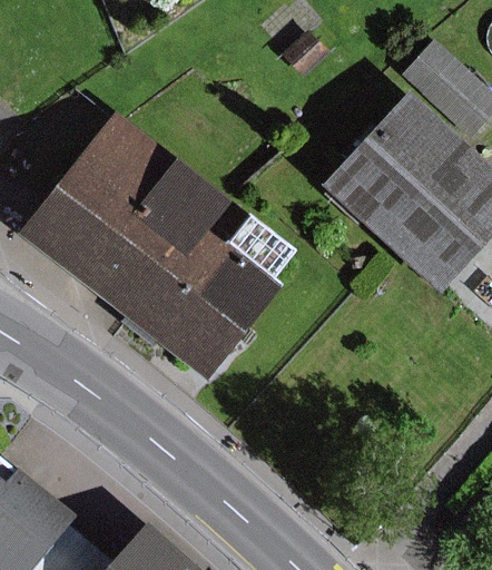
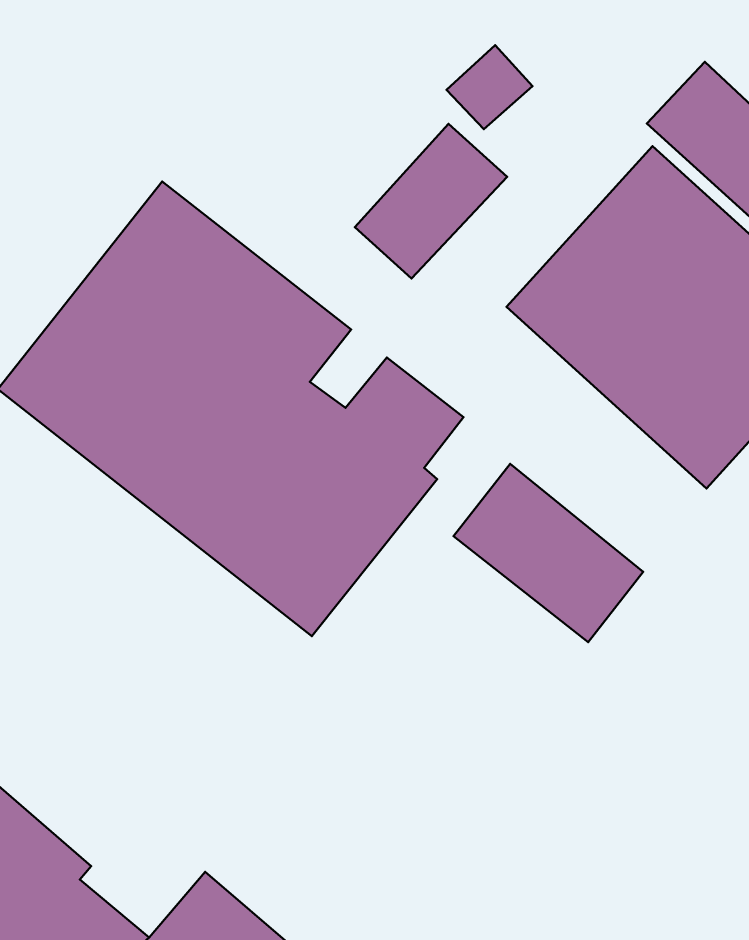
building: none -> [355,124,507,278]
building: none -> [454,464,643,642]

